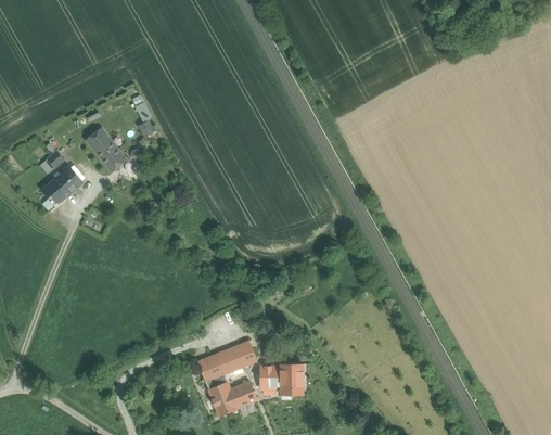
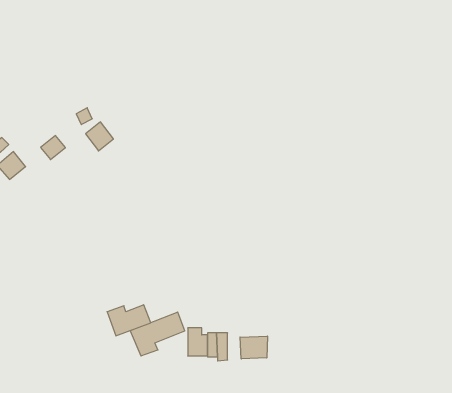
building: [85,131,115,163] -> [86,122,113,151]
building: none -> [240,336,267,359]
building: [208,382,256,415] -> [107,305,151,336]

